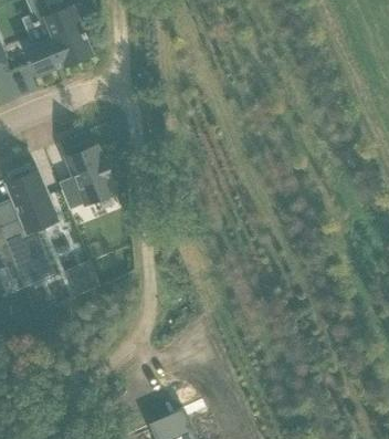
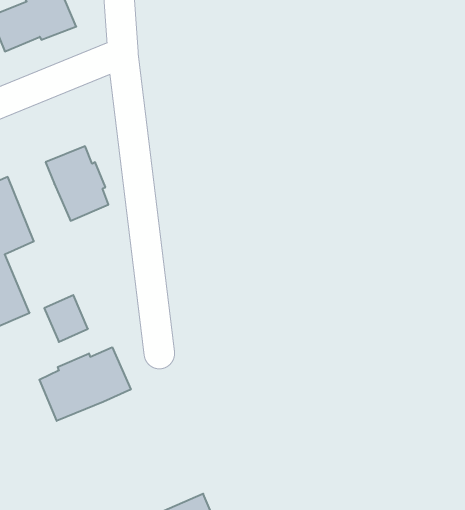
building: none -> [39,347,131,421]

